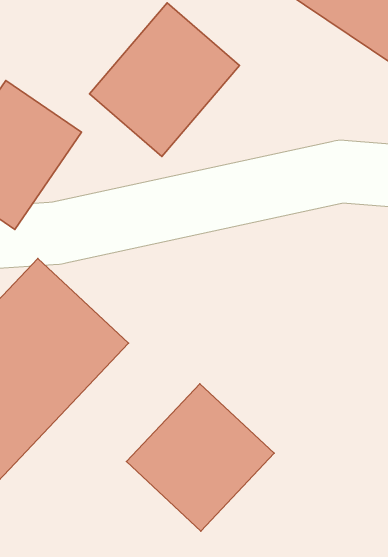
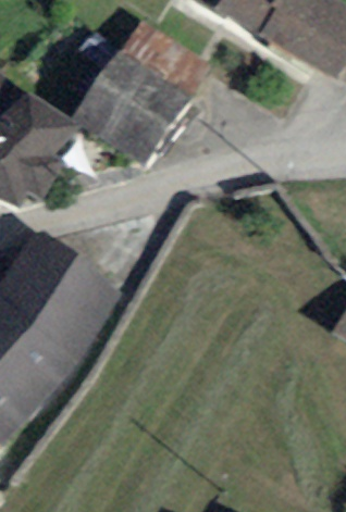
building: [127,384,274,531] -> none

